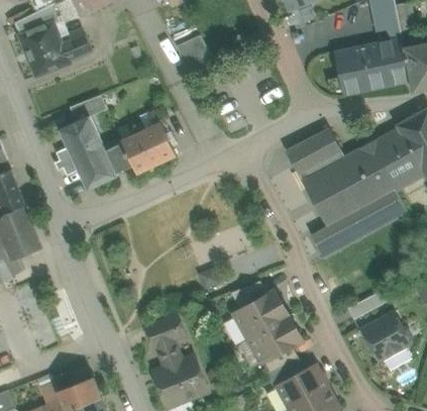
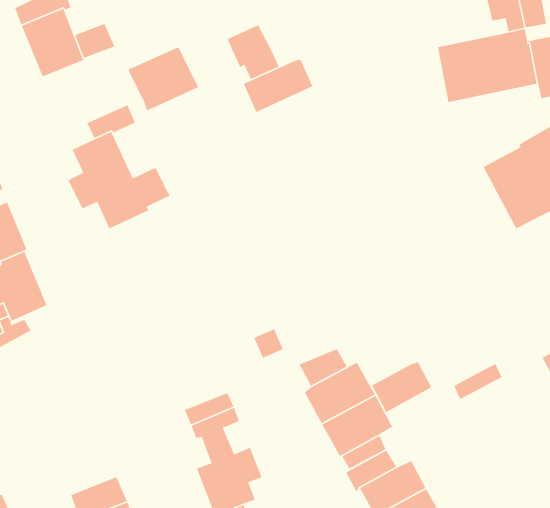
building: none -> [243,59,313,113]
building: [122,123,176,173] -> [128,46,199,112]
building: [288,127,406,255] -> none
building: none -> [371,361,432,413]
building: [360,311,410,361] -> none

